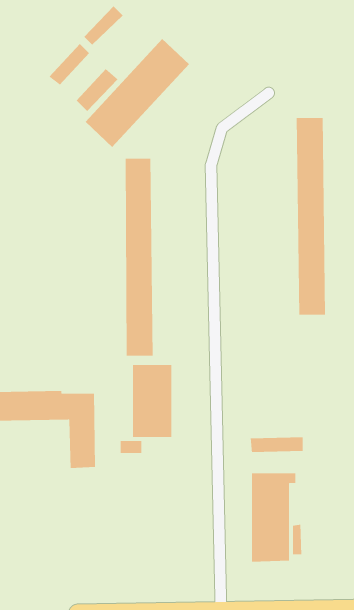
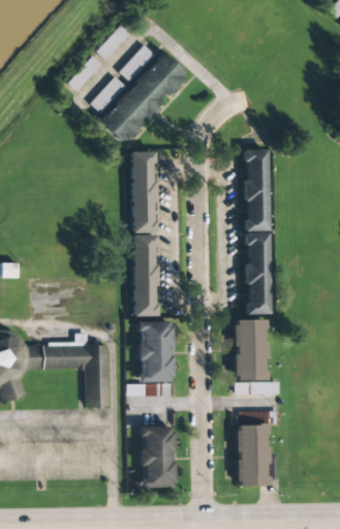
building: none -> [121,44,158,82]
building: [296,117,326,316] -> [246,149,271,313]
building: none -> [236,319,267,379]
building: none -> [141,426,175,488]

